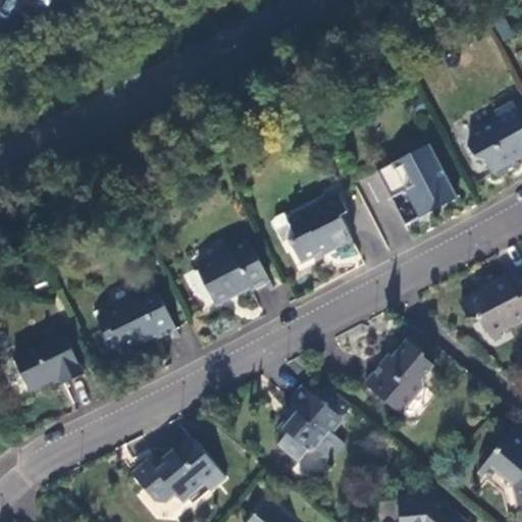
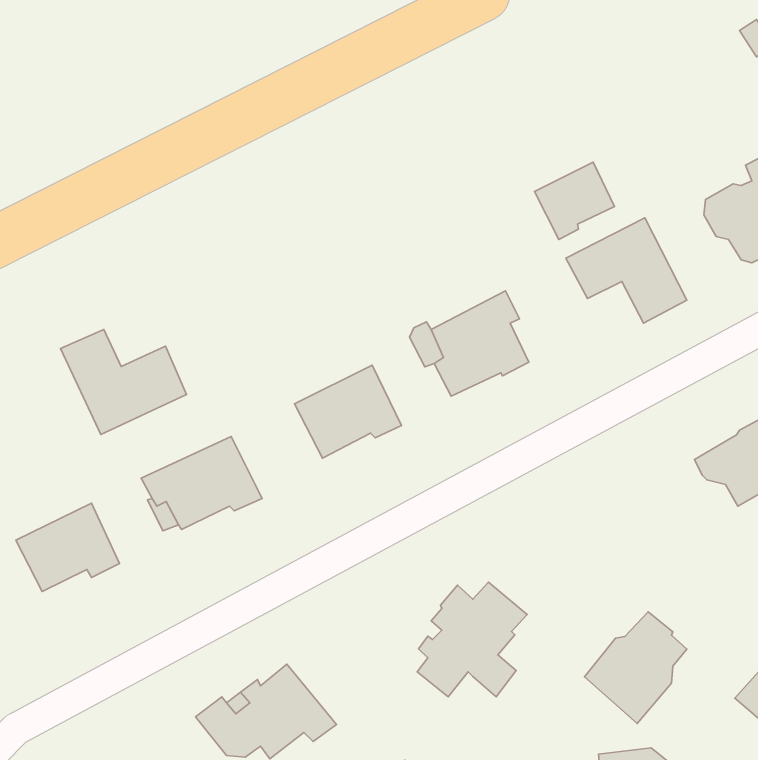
building: none -> [534,162,614,240]
building: none -> [61,330,187,434]
building: [366,342,433,415] -> [585,612,687,723]

